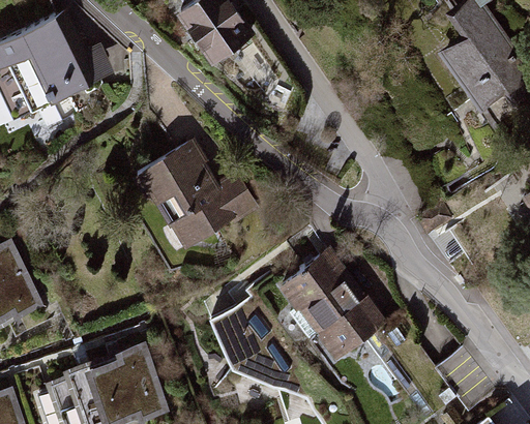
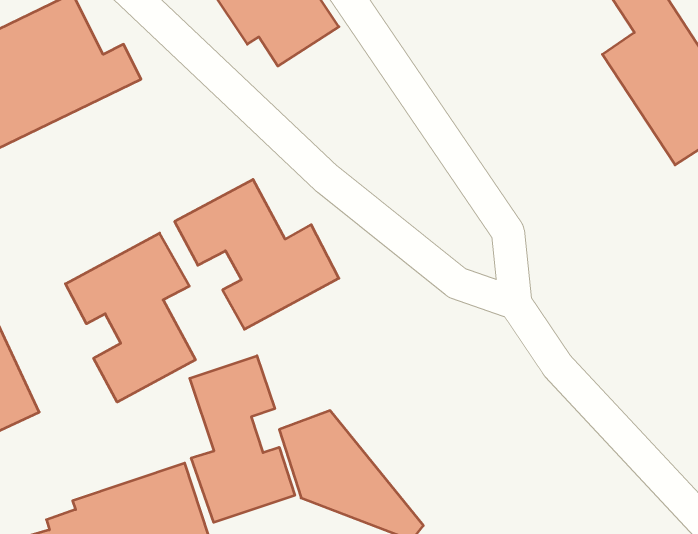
building: none -> [65,233,195,402]
building: [276,249,415,361] -> none
building: none -> [190,356,295,522]

